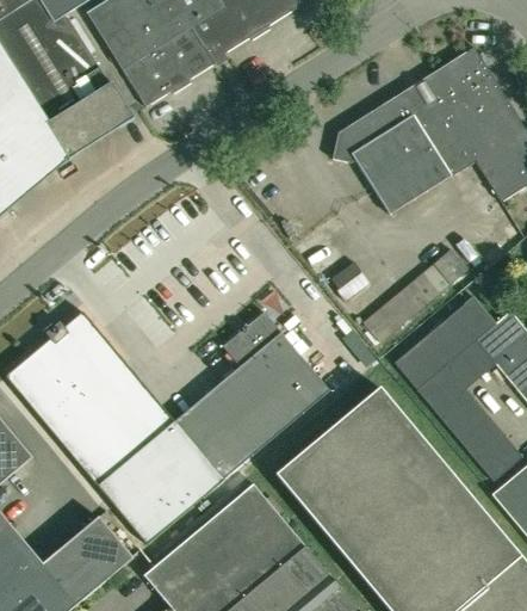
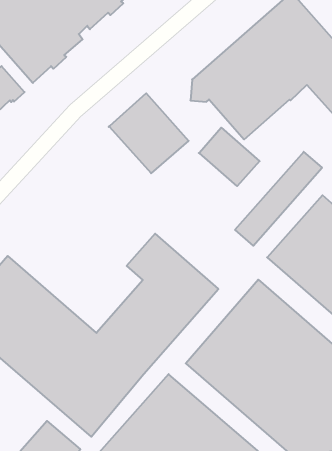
building: none -> [109,93,189,173]
building: none -> [199,128,260,186]

